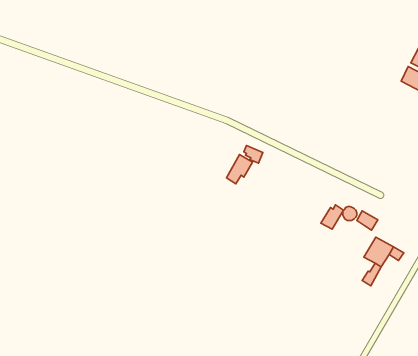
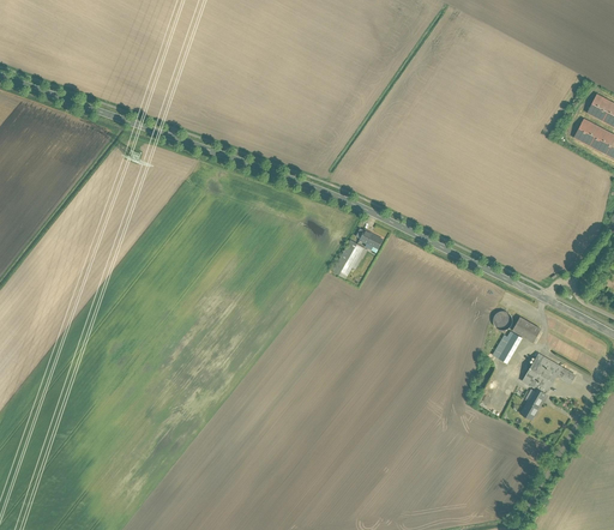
building: [321,205,343,229] -> [490,329,522,362]

